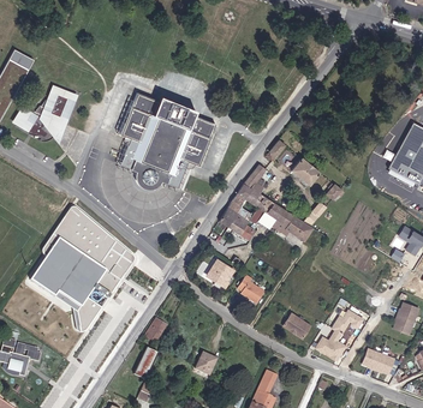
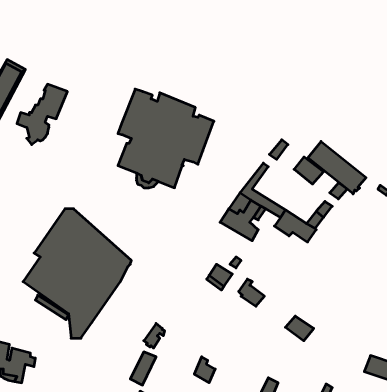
building: none -> [308,141,366,194]
building: [314,307,362,355] -> none

